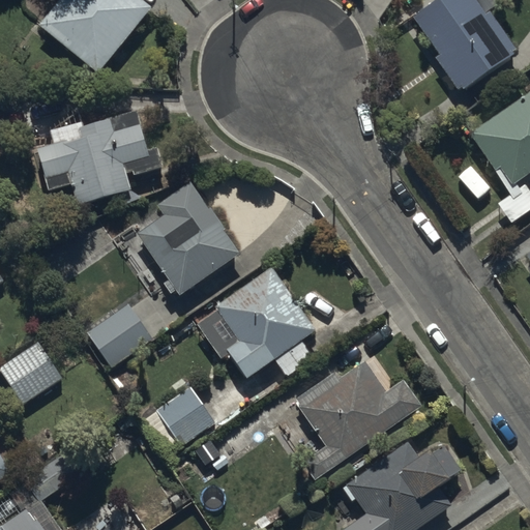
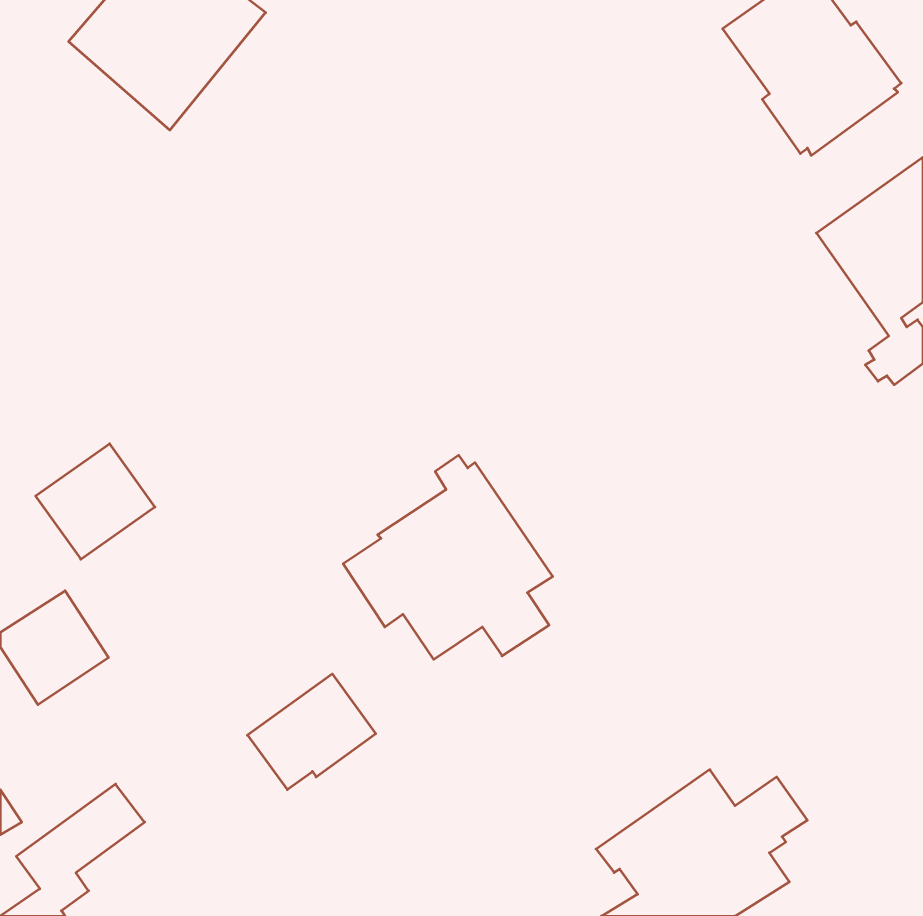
building: [36,111,164,205] -> none
building: [127,181,239,295] -> none
building: [86,301,154,367] -> [36,444,155,559]
building: [295,360,421,479] -> none

